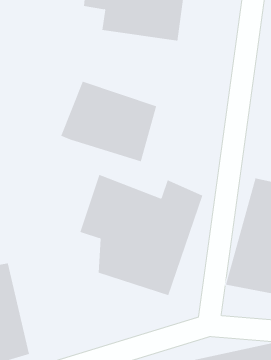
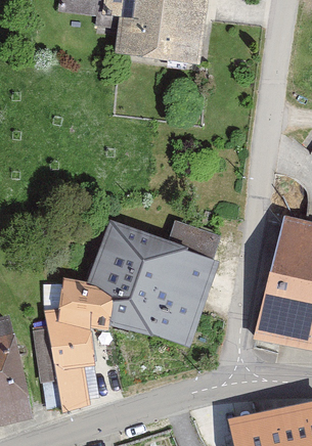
building: [60,81,157,162] -> none
building: none -> [40,275,112,412]

